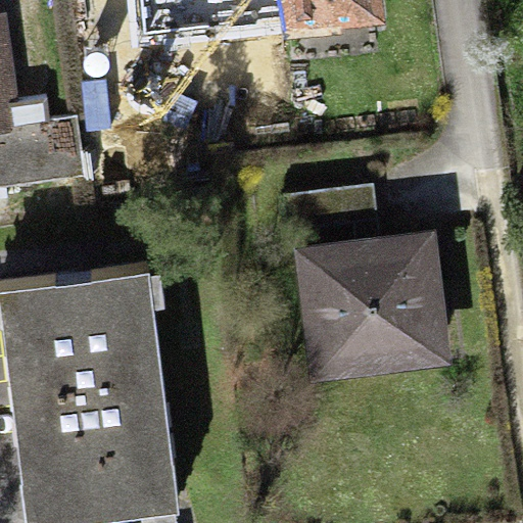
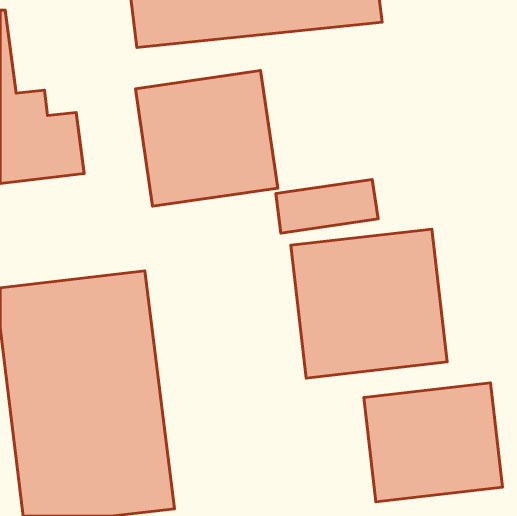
building: none -> [135,71,278,206]
building: none -> [364,383,503,502]

